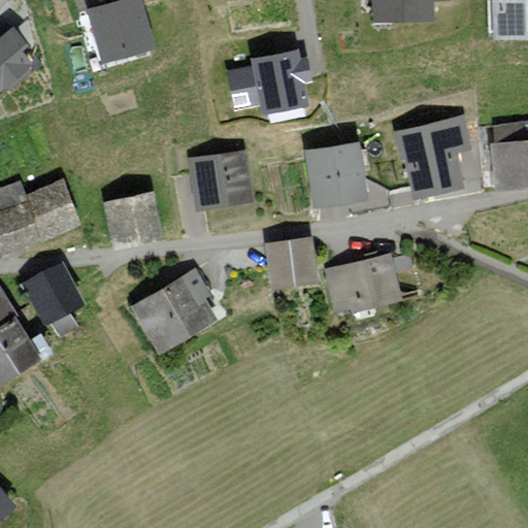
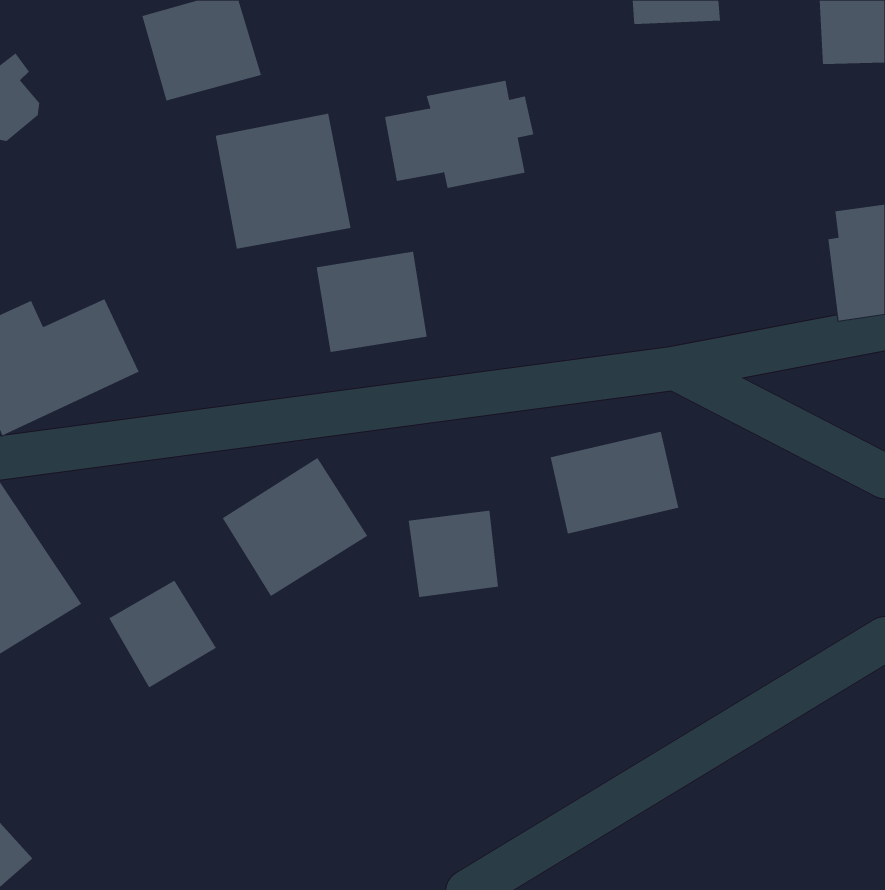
building: none -> [215,113,351,250]
building: [386,117,470,211] -> none
building: [306,140,372,206] -> none
building: [104,190,166,249] -> none
building: [265,238,319,290] -> [408,510,499,597]
building: [23,261,87,325] -> [109,580,217,688]

